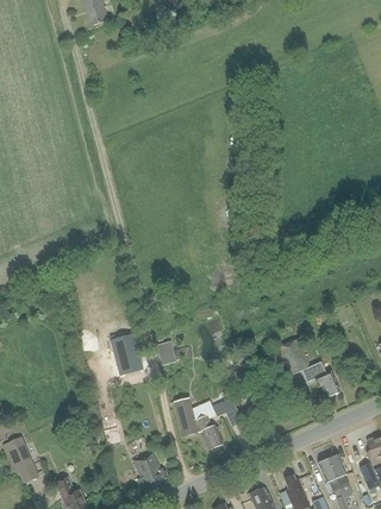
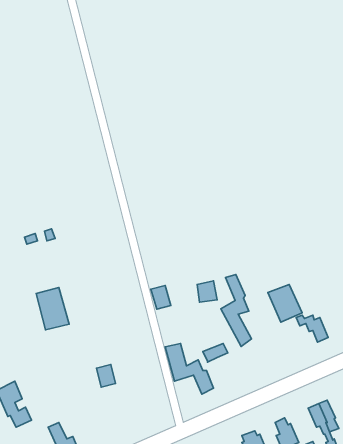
building: none -> [221,274,252,346]
building: [111,332,144,375] -> [36,287,69,330]
building: [136,454,168,488] -> none

